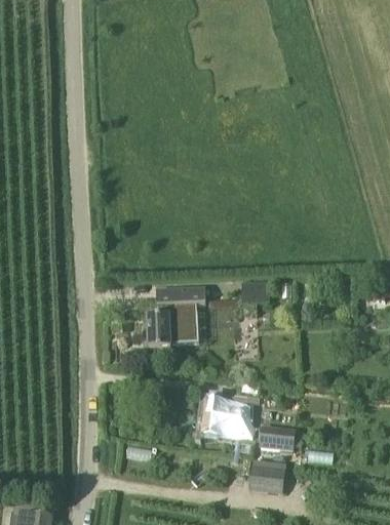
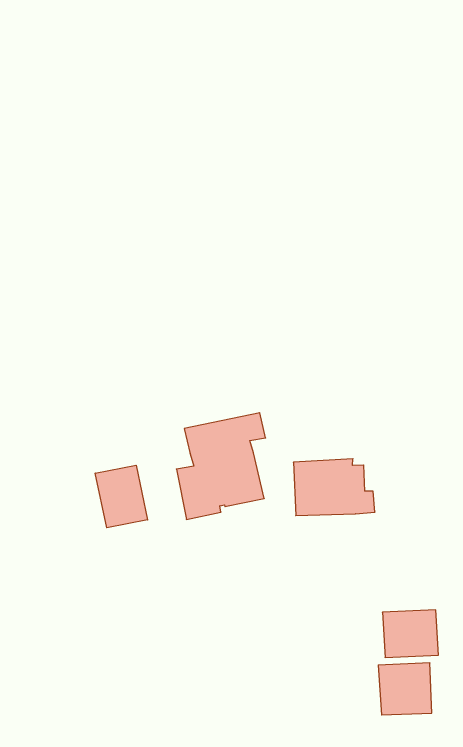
building: none -> [95,465,148,528]
building: [202,398,254,438] -> [293,459,375,516]

